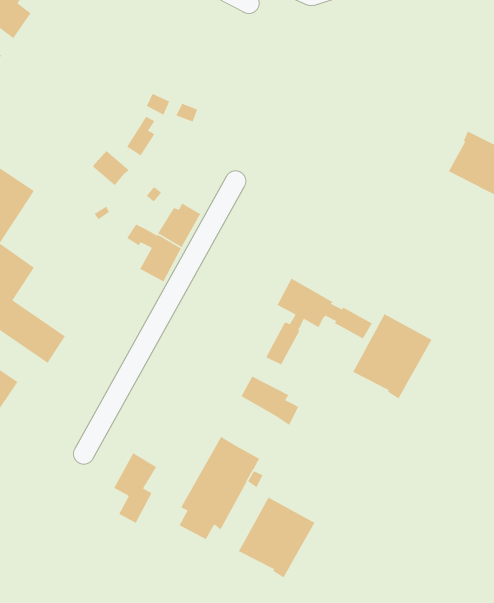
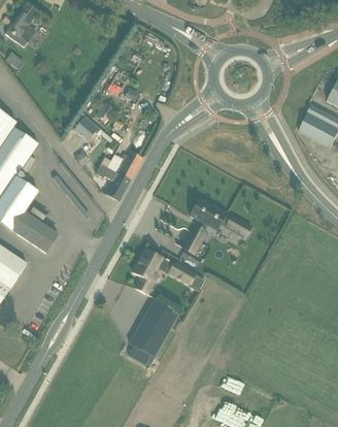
building: [352,313,433,399] -> none
building: [113,452,157,524] -> [132,248,160,293]
building: [238,497,315,578] -> none

